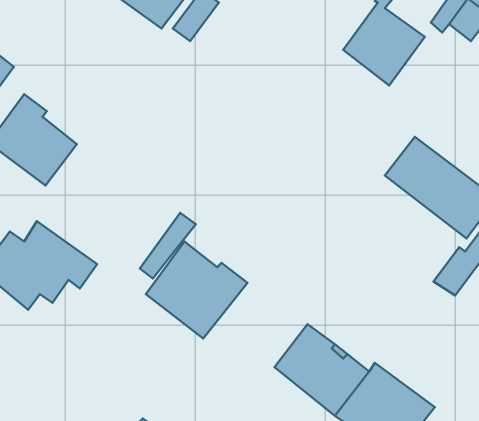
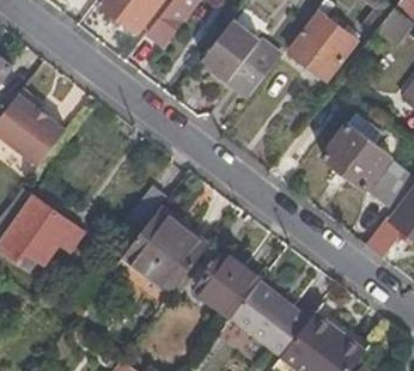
building: none -> [201,18,281,97]
building: none -> [196,253,260,317]

